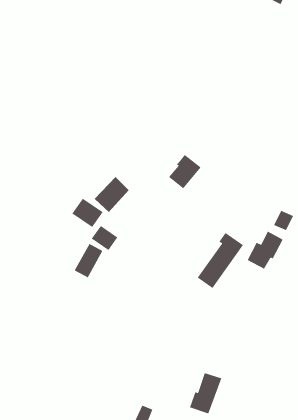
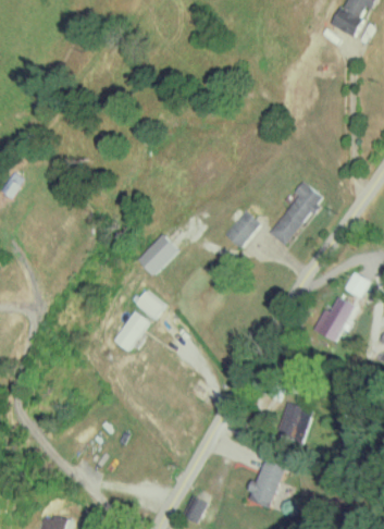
building: [72,198,103,228] -> none
building: [197,232,244,289] -> [268,182,322,247]
building: none -> [276,403,311,442]

